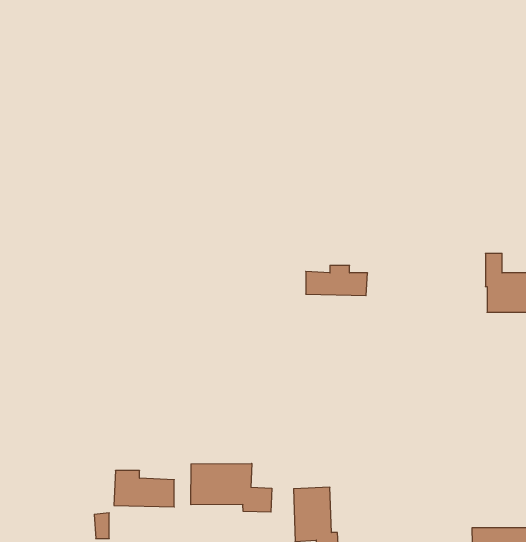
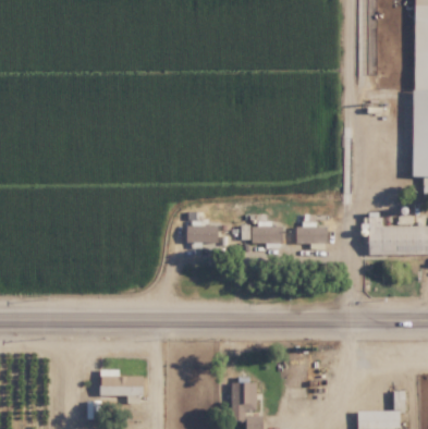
building: none -> [295,214,327,244]
building: none -> [187,224,219,244]
building: [191,463,272,512] -> none

